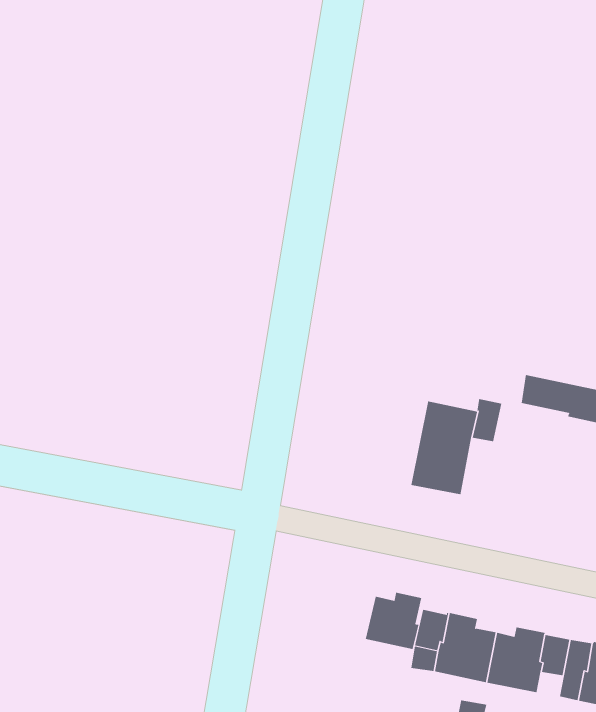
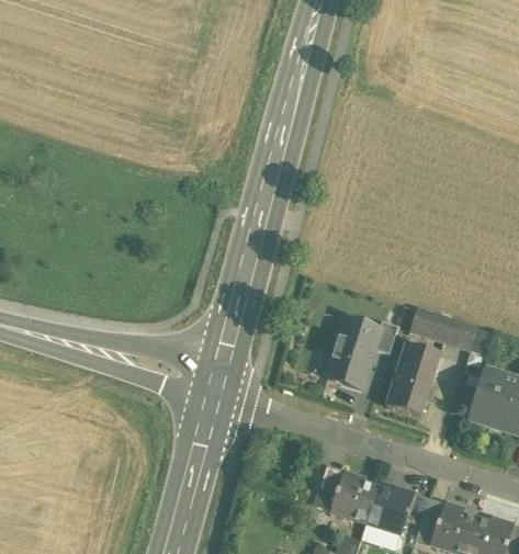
building: none -> [386,343,440,417]
building: [365,592,422,650] -> none

